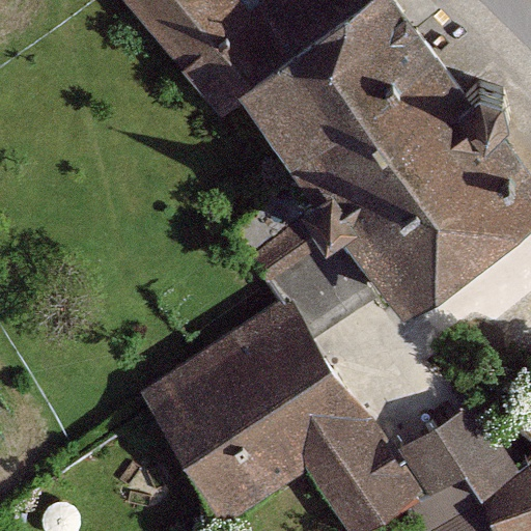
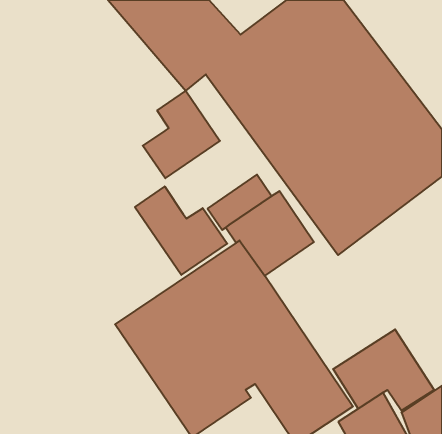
building: none -> [143,91,220,178]
building: none -> [135,186,227,275]

